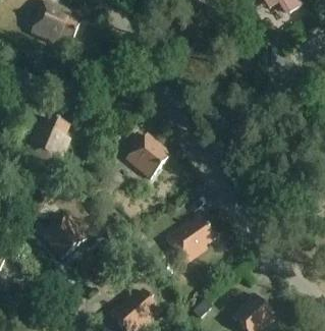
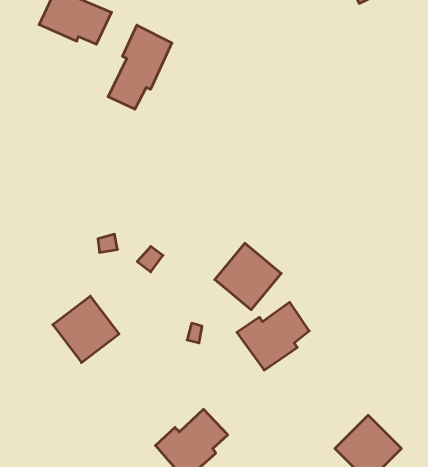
building: none -> [108,25,172,109]
building: [29,115,69,164] -> none
building: [126,133,171,178] -> [215,243,281,310]

